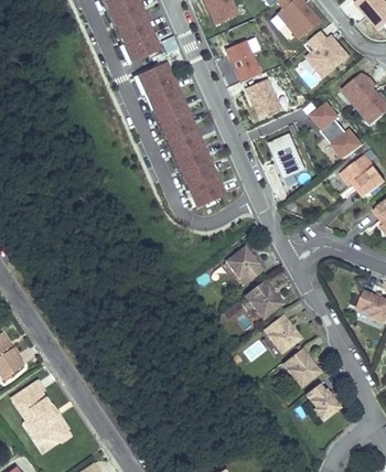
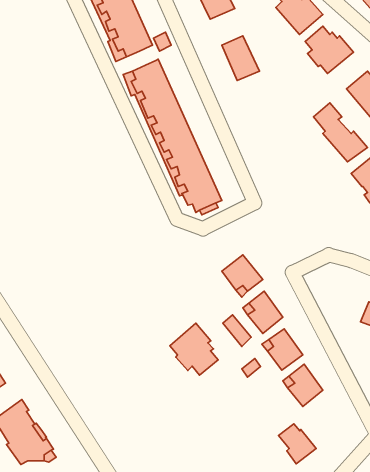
building: [246,78,280,116] -> none
building: [268,132,305,178] -> none
building: none -> [170,323,218,375]
building: [305,383,341,420] -> [279,424,316,464]

